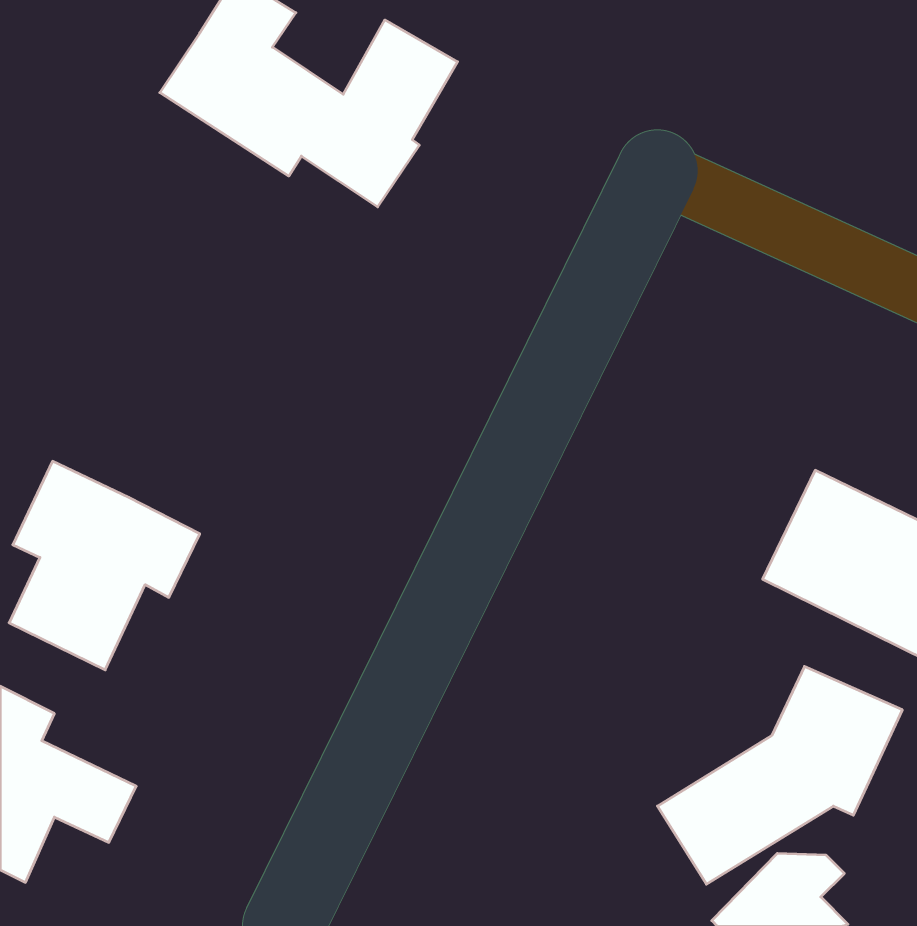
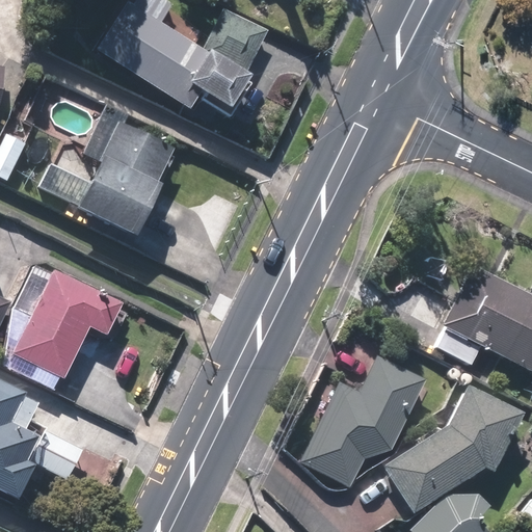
building: none -> [41,104,181,245]
building: none -> [301,351,426,482]

